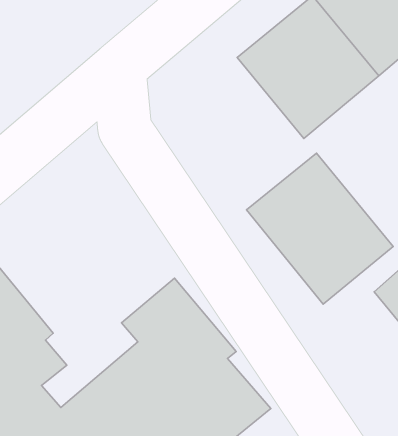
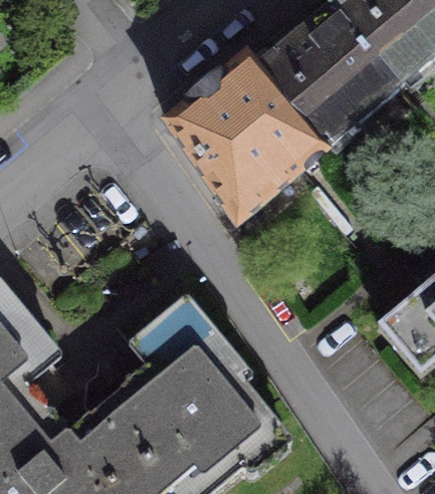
building: none -> [169,63,320,226]
building: [247,153,393,304] -> none

